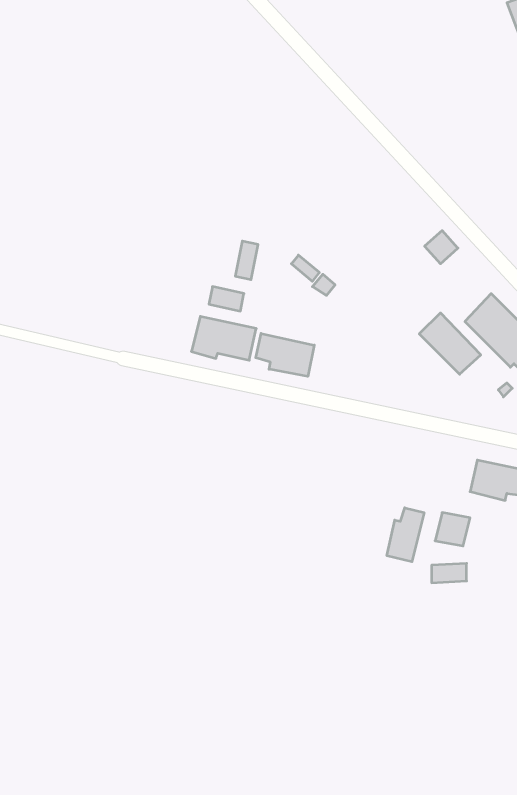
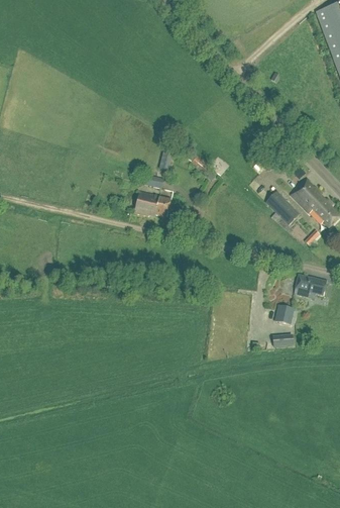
building: [256,333,314,376] -> none
building: [387,508,424,562] -> none

